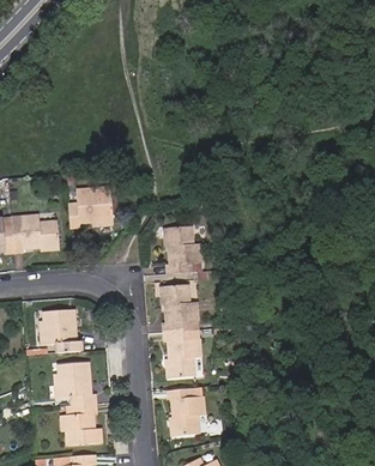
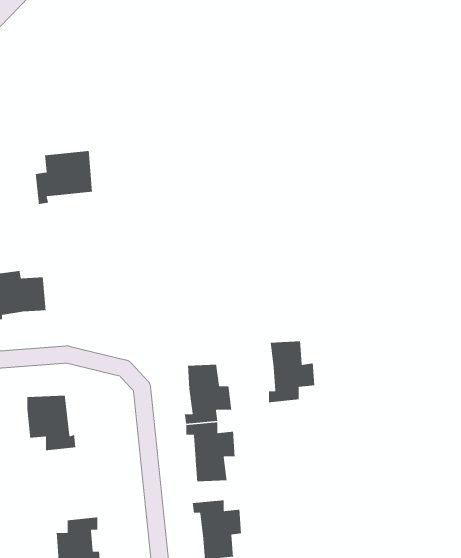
building: [66,188,110,230] -> [35,150,93,205]
building: [158,228,194,276] -> [268,341,315,403]
building: [56,362,95,406] -> none

